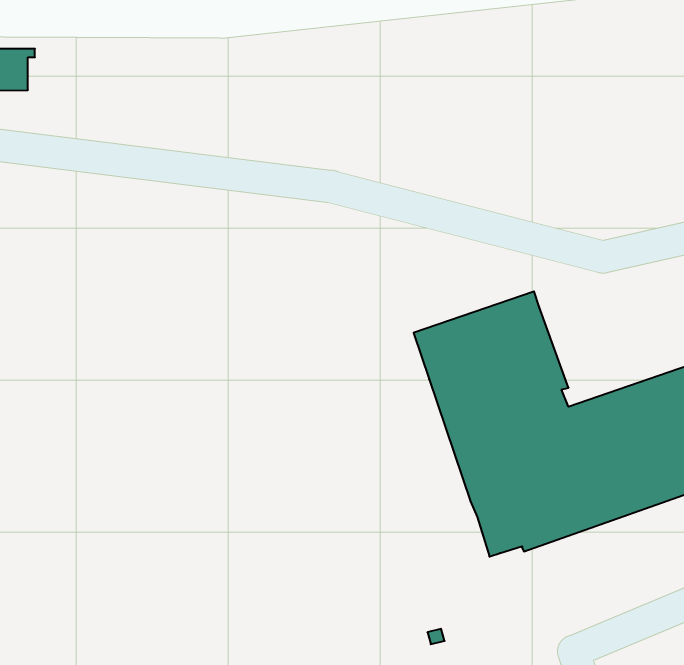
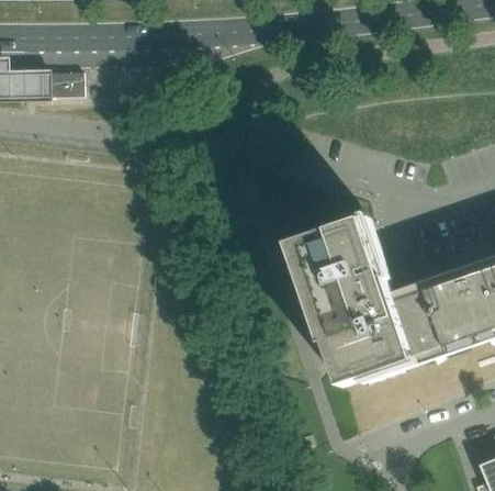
building: none -> [43,71,80,97]

